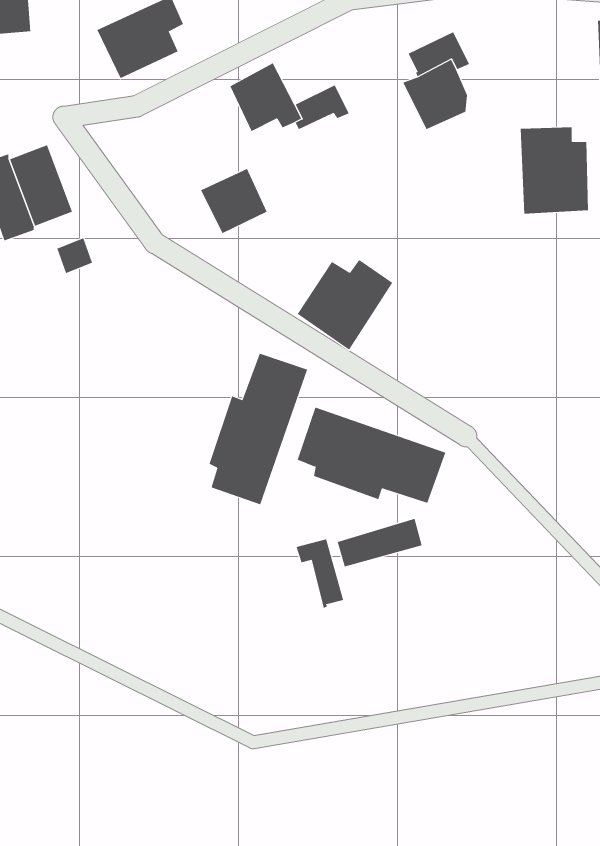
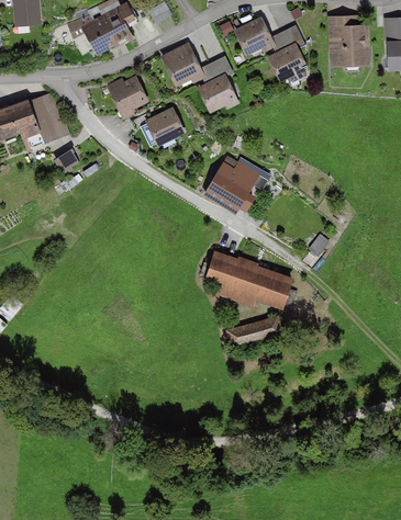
building: none -> [232,16,275,60]
building: none -> [196,74,240,113]
building: none -> [107,76,149,118]
building: [520,127,589,214] -> [327,15,369,68]
building: [209,353,308,505] -> none
building: [296,539,344,609] -> none

